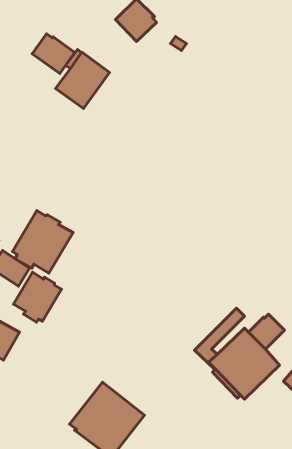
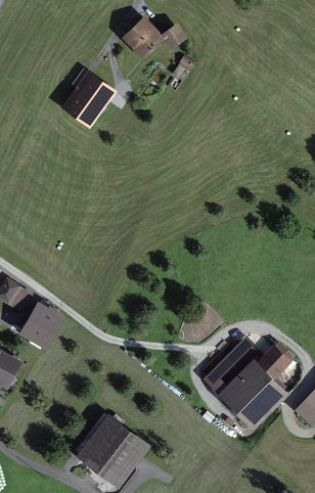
building: none -> [160,25,187,51]
building: [32,34,75,73] -> none
building: [13,211,73,273] -> none

